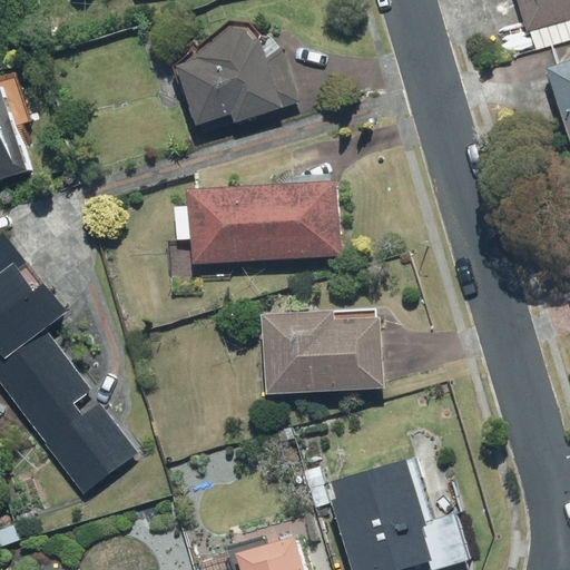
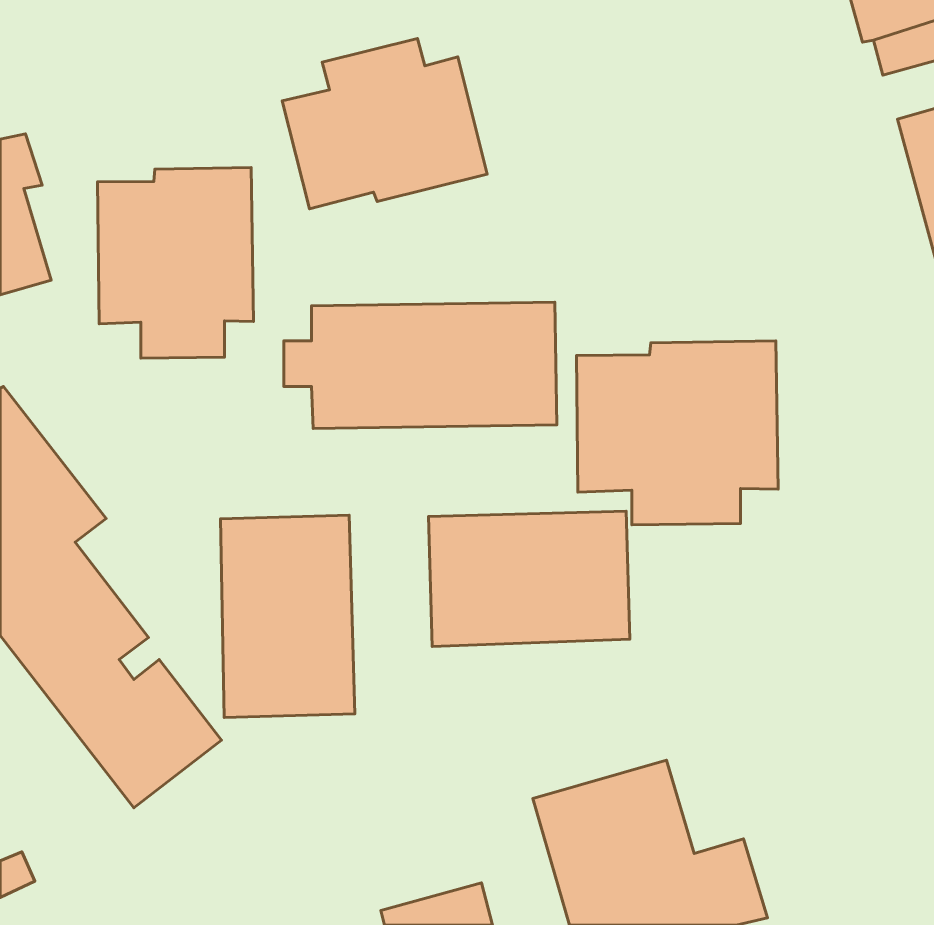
building: none -> [97,168,254,358]
building: none -> [576,341,778,525]
building: none -> [220,515,355,718]

